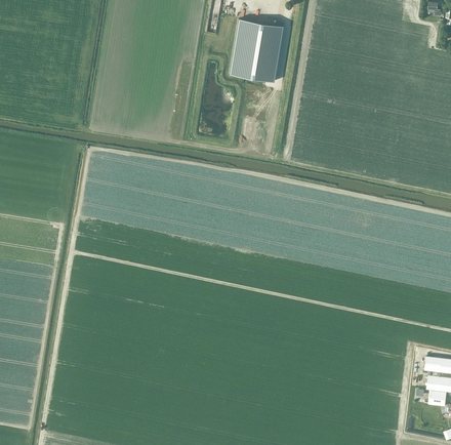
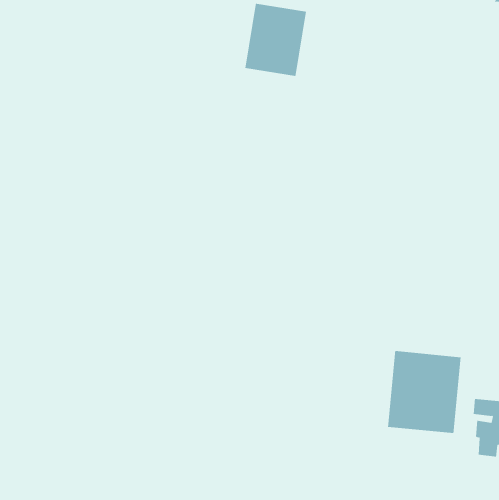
building: none -> [388,350,461,434]

